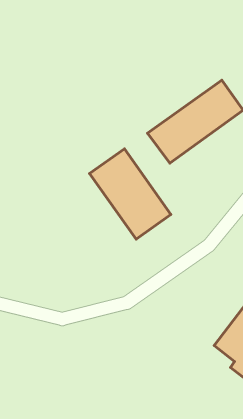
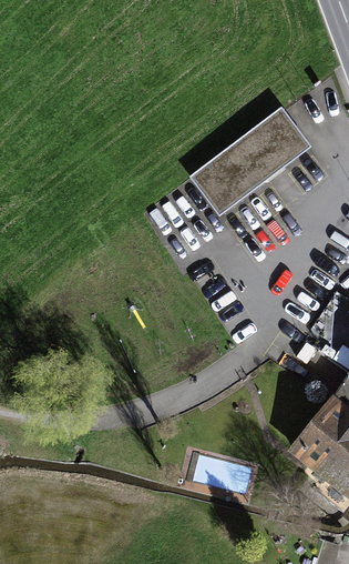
building: [89,149,171,239] -> none

